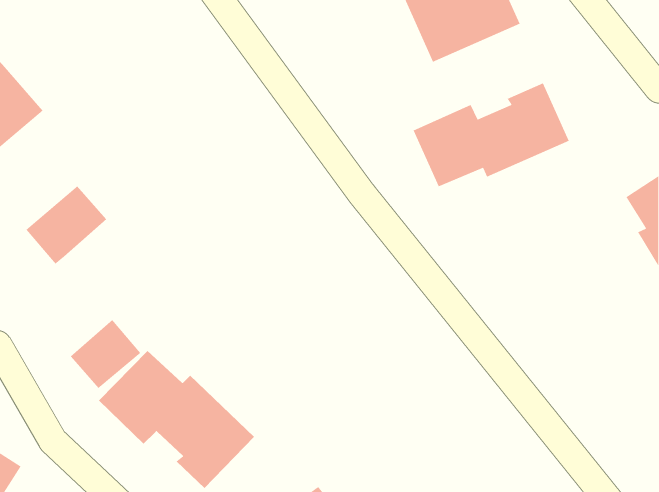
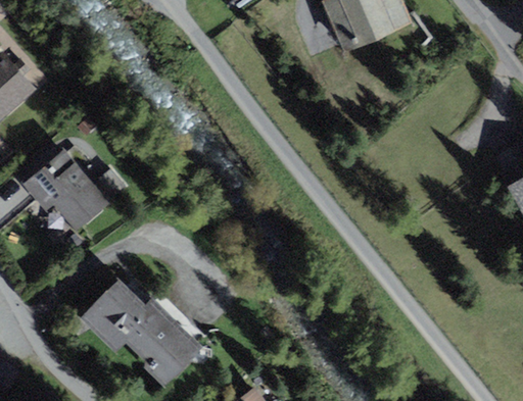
building: [413,83,570,187] -> none
building: [70,319,141,389] -> [53,176,109,231]

